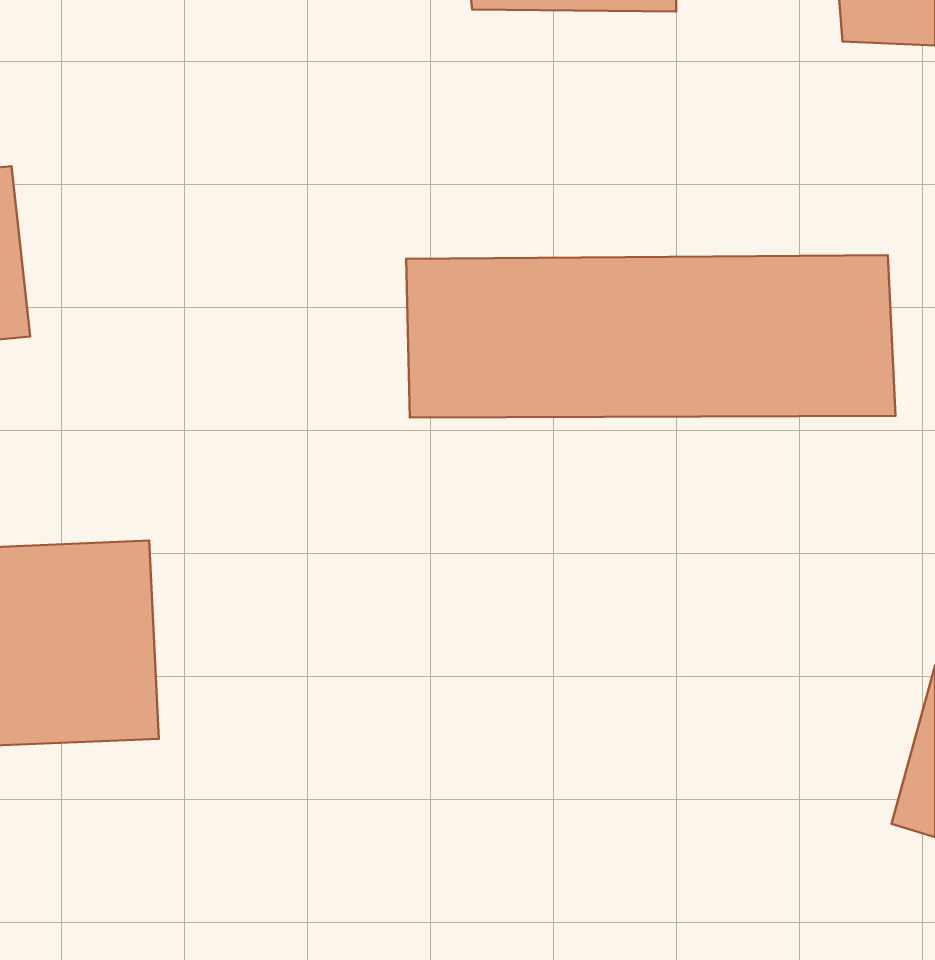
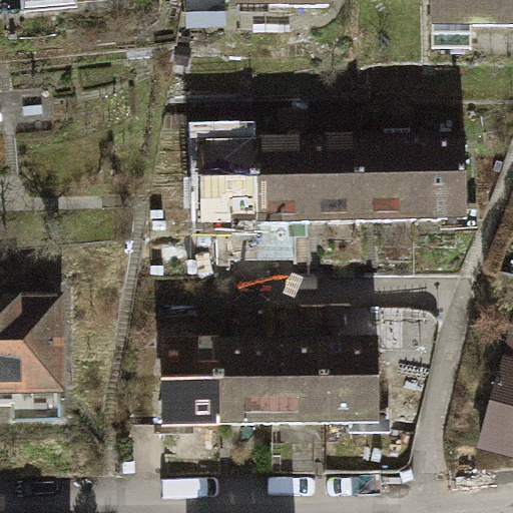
building: none -> [176,340,395,424]

